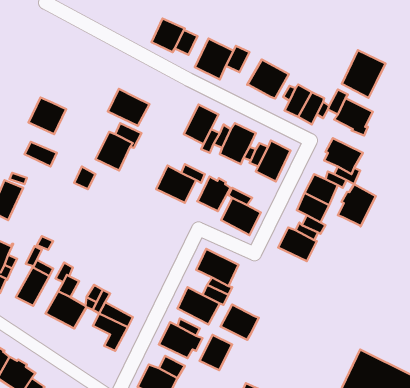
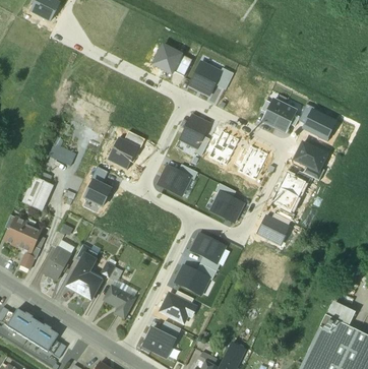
building: [342,50,386,98] -> none
building: [247,59,289,99] -> none
building: [108,89,149,126] -> none
building: [29,98,66,134] -> none
building: [197,177,230,211] -> none
building: none -> [84,180,111,206]
building: [338,184,376,227] -> none
building: [221,304,259,340] -> none
building: [200,335,232,370] -> none

